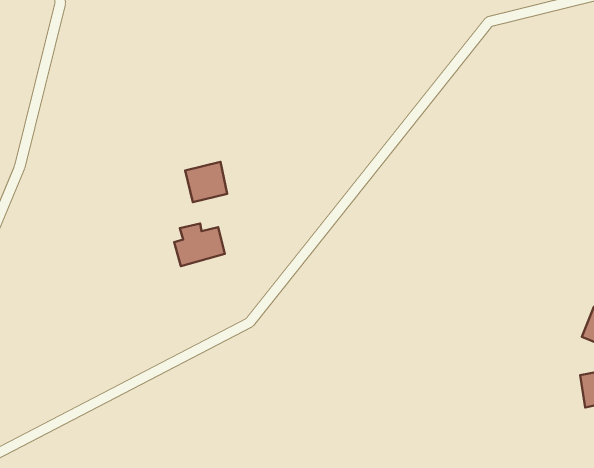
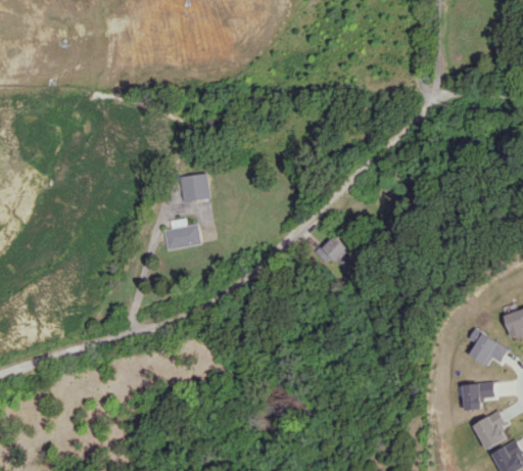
building: none -> [318,233,350,266]

